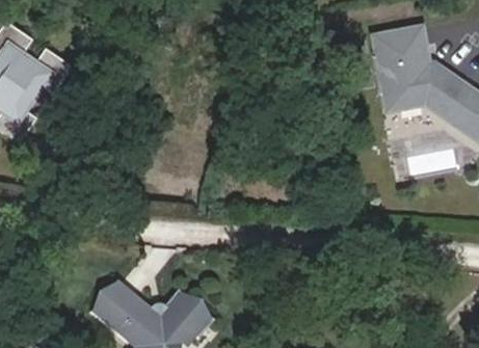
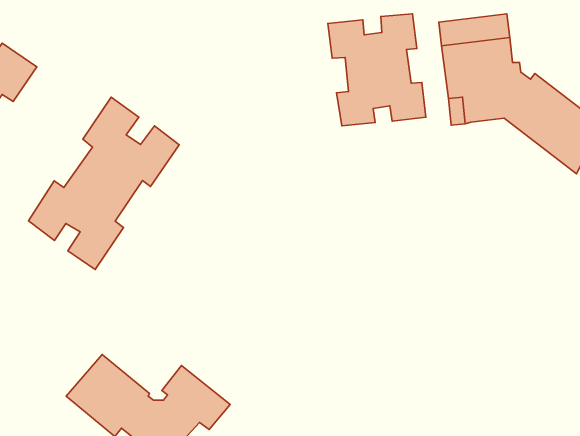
building: none -> [328,14,426,126]
building: none -> [28,97,179,269]

